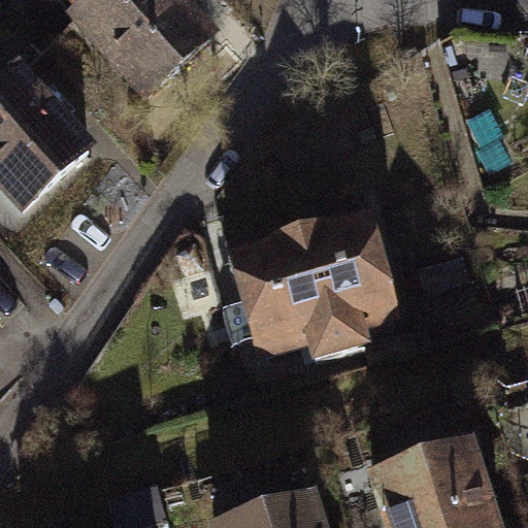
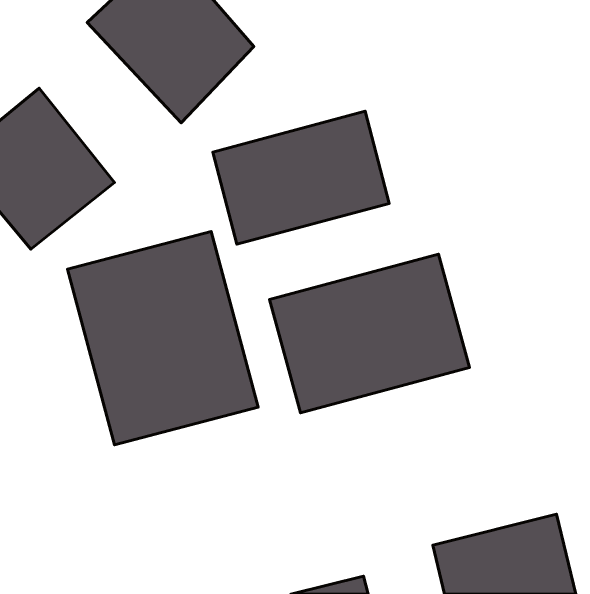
building: none -> [213,111,389,244]
building: none -> [68,231,258,445]

